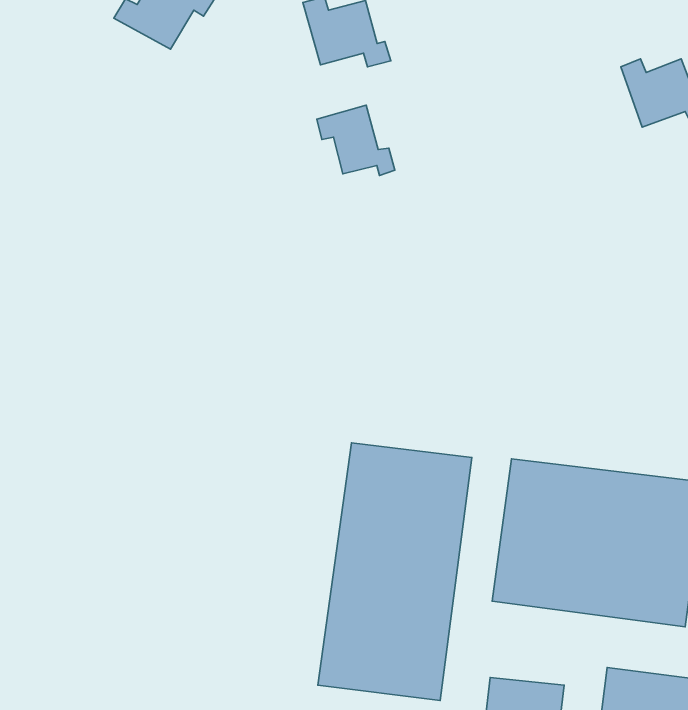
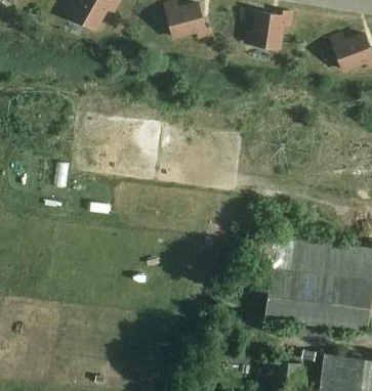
building: none -> [245,10,290,47]
building: [317,105,395,176] -> none
building: [318,443,472,701] -> none

